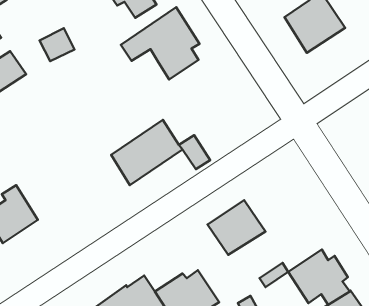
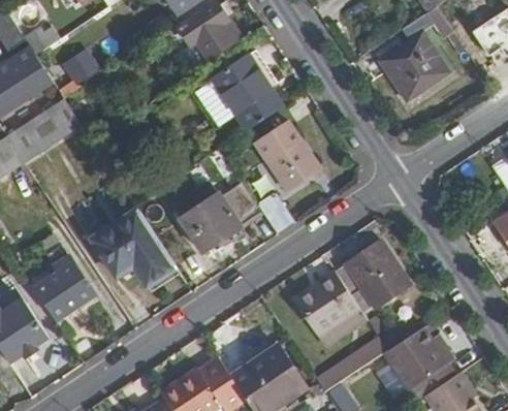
building: [40,28,74,61] -> [58,45,98,84]
building: none -> [257,122,319,189]
building: none -> [89,212,173,289]
building: none -> [334,239,407,307]

